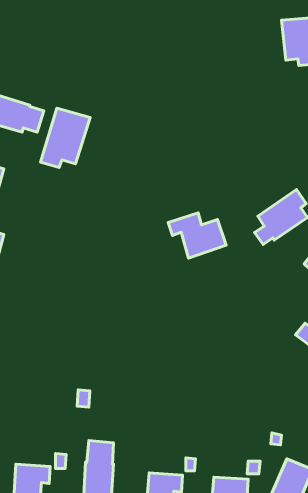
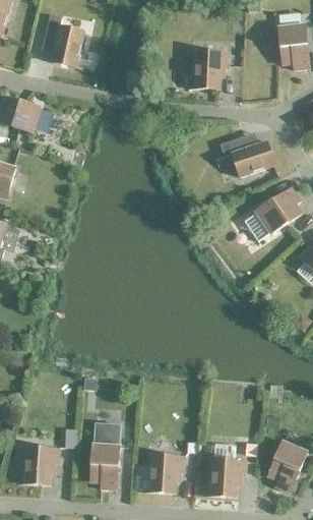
building: none -> [42,13,82,66]
building: none -> [193,50,228,89]
building: [41,108,90,167] -> none
building: [168,213,226,258] -> [218,133,273,176]

